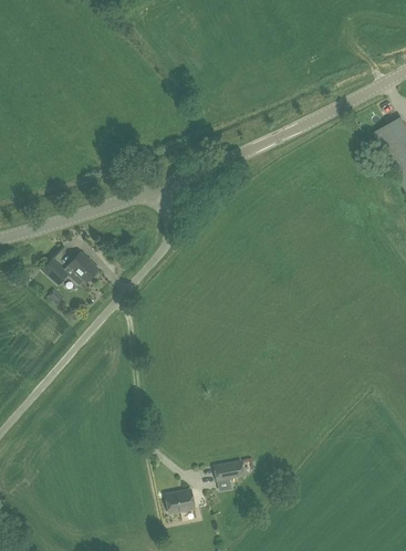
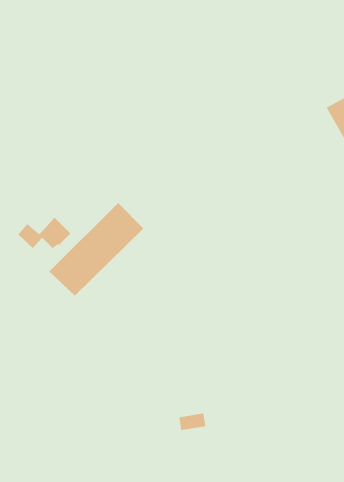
building: none -> [49,202,144,297]
building: [165,489,194,512] -> none

